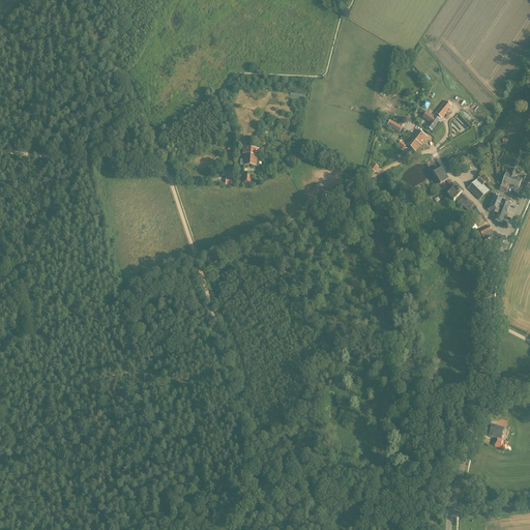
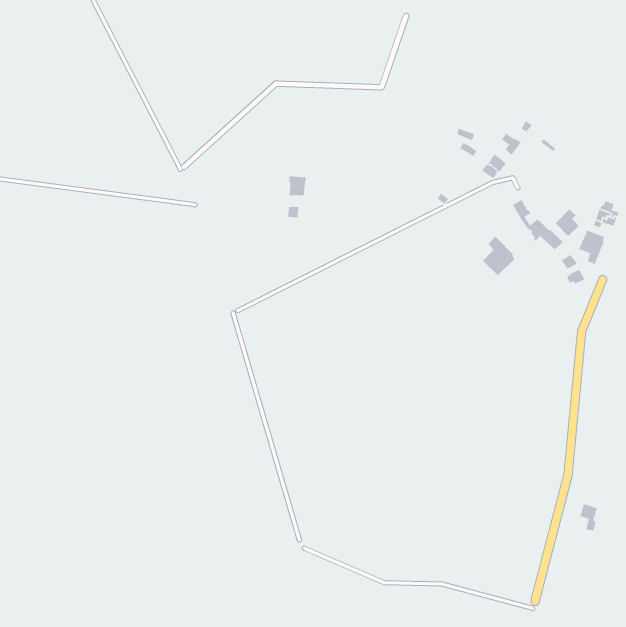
building: none -> [482,236,516,276]

